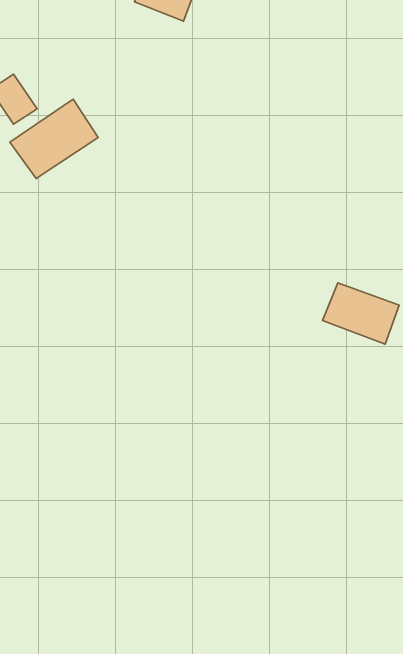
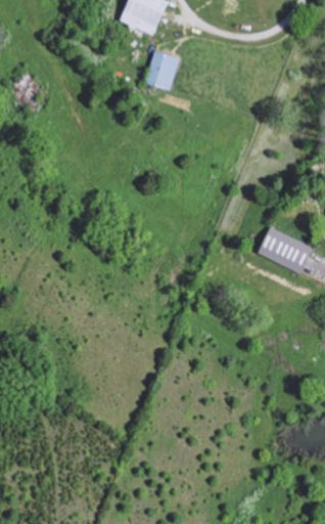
building: none -> [145,50,180,91]
building: [10,99,98,178] -> none

